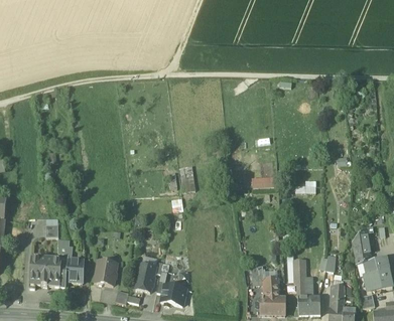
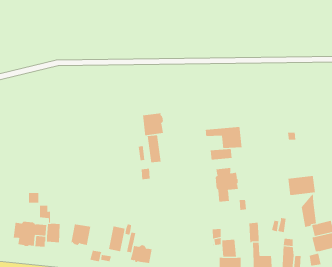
building: none -> [142,112,164,136]
building: none -> [205,126,242,149]
building: none -> [215,167,238,202]
building: none -> [288,175,315,196]

